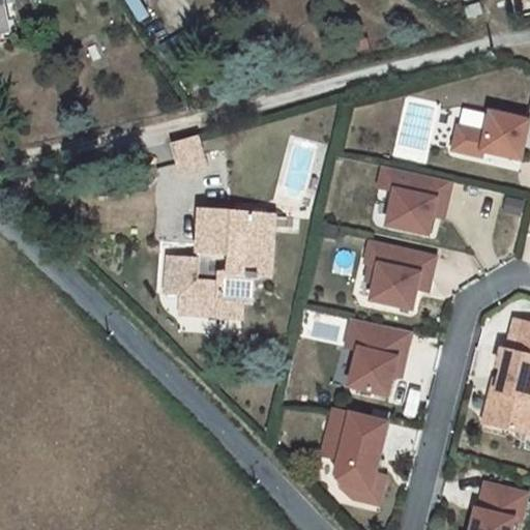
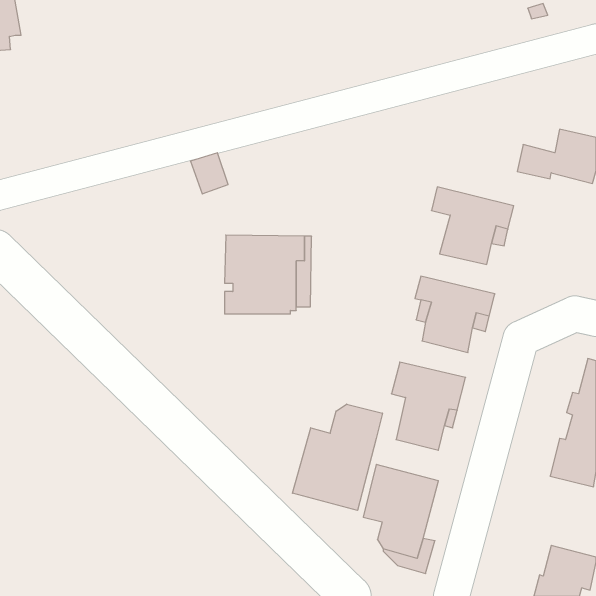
building: [169,257,256,312] -> none
building: none -> [292,404,382,510]

